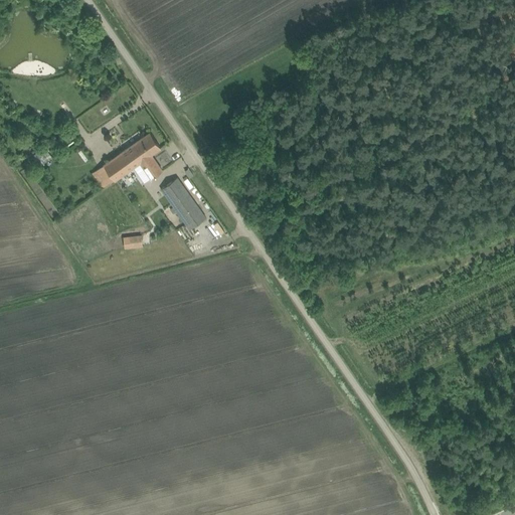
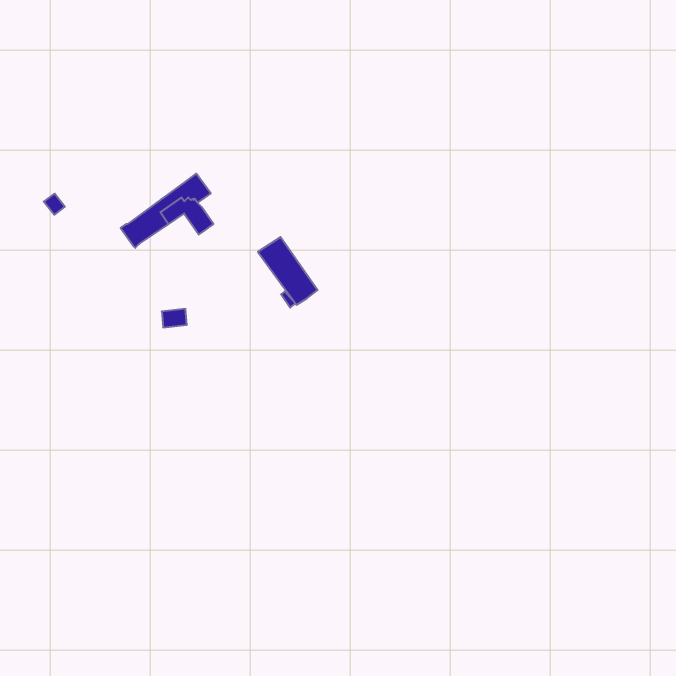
building: [160,178,205,229] -> [258,237,318,305]

